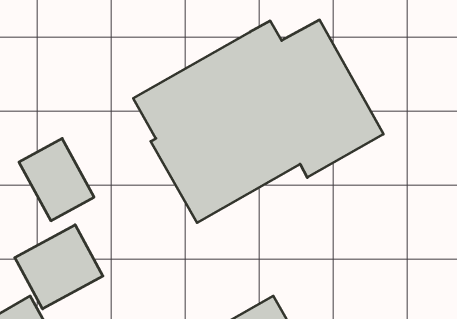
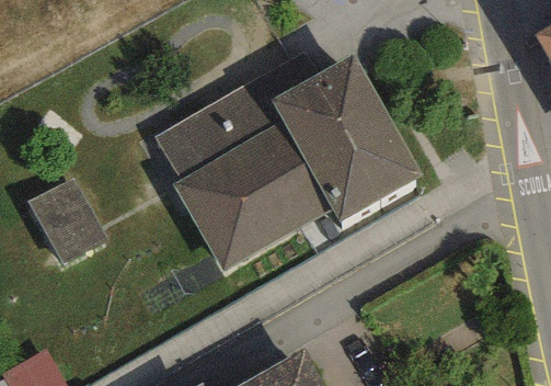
building: [15,225,103,309] -> none

